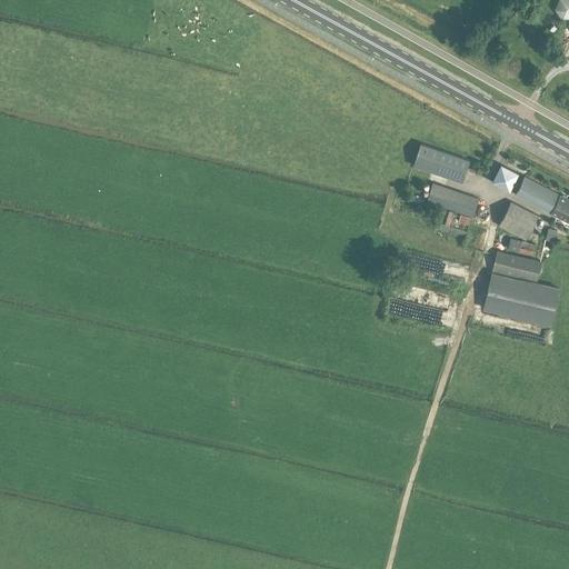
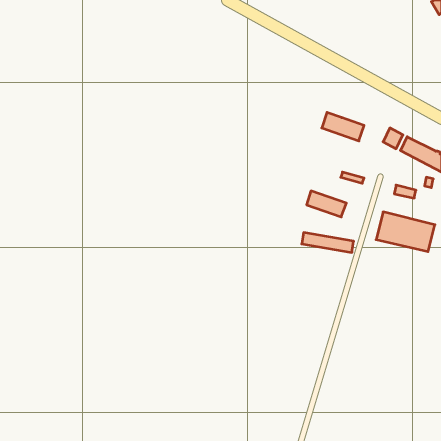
building: [428,184,479,218] -> [307,191,346,217]
building: [499,202,539,240] -> none
building: [493,252,542,282] -> none

